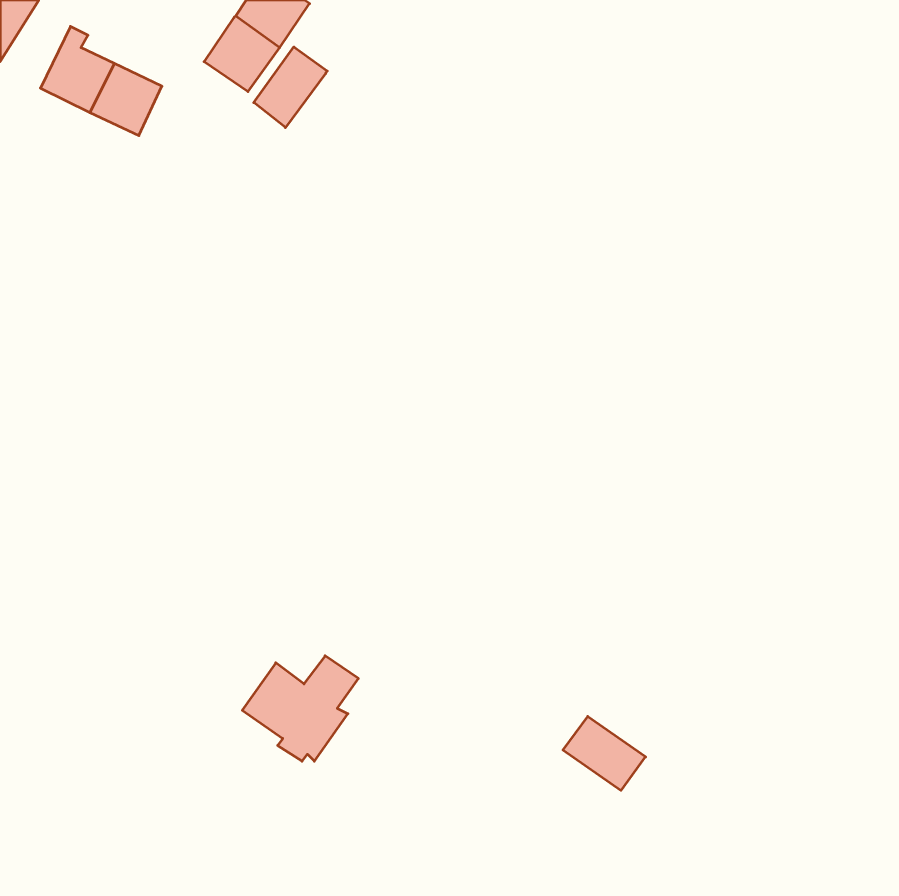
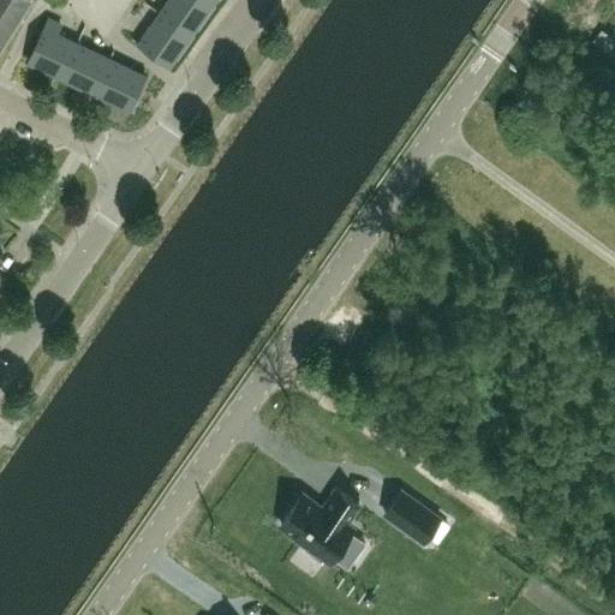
building: [254,47,327,128] -> none
building: none -> [95,61,144,111]
building: [242,656,358,761] -> [280,490,359,562]

